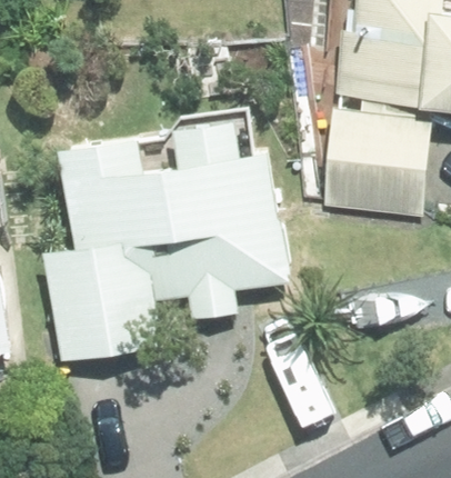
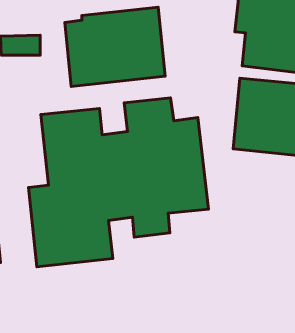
building: none -> [65,7,165,87]

